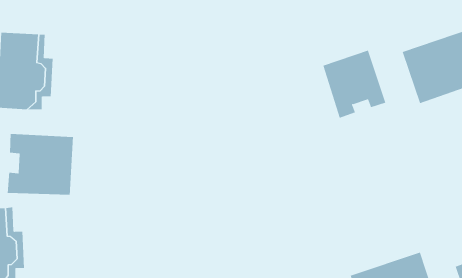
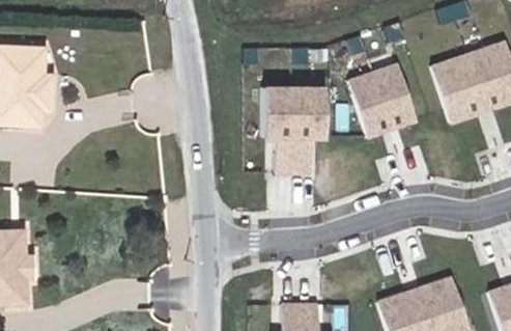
building: none -> [262,86,323,172]
building: [7,133,73,196] -> none

